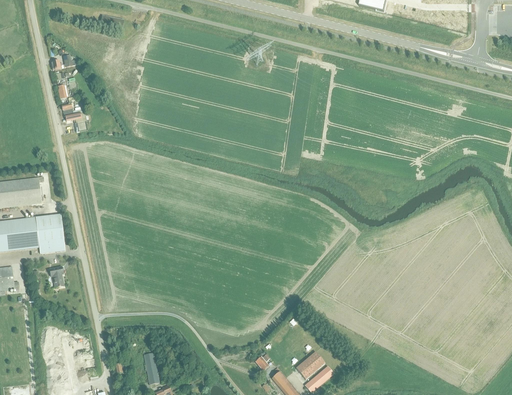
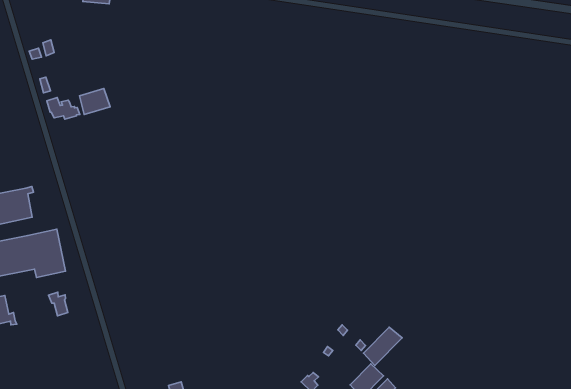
building: none -> [79,88,110,114]
building: none -> [364,327,402,366]

